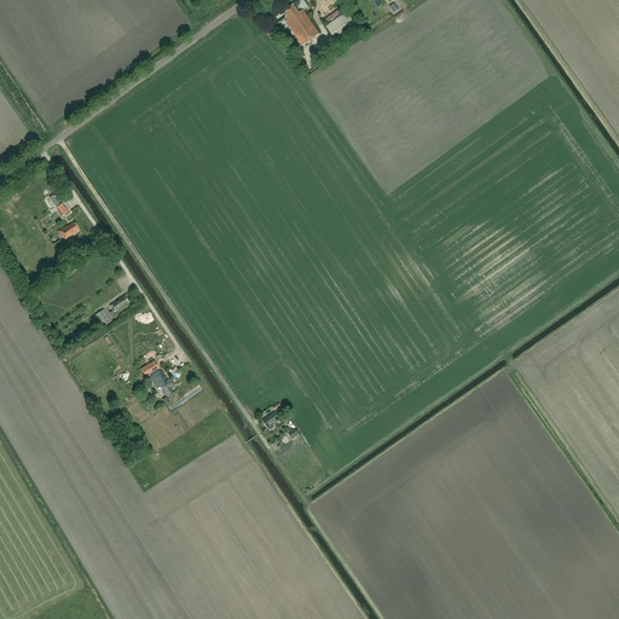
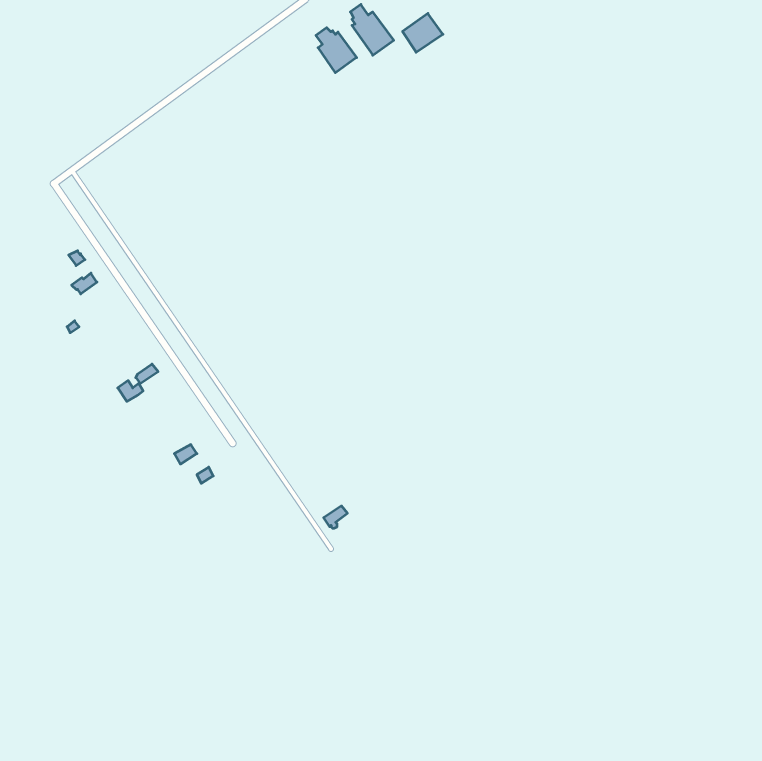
building: none -> [316,28,357,73]

